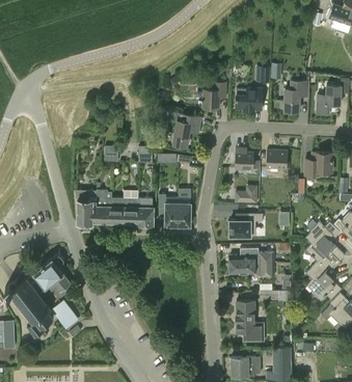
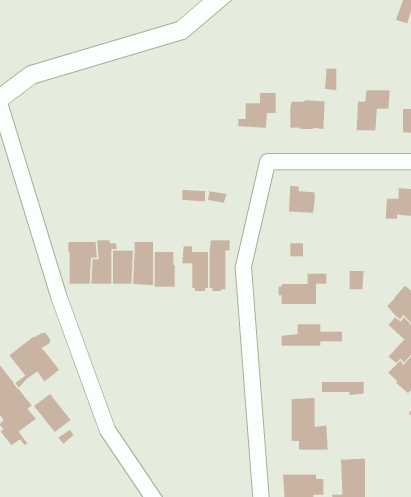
building: [173,113,201,147] -> none
building: [266,149,288,172] -> none
building: [229,263,274,277] -> none

